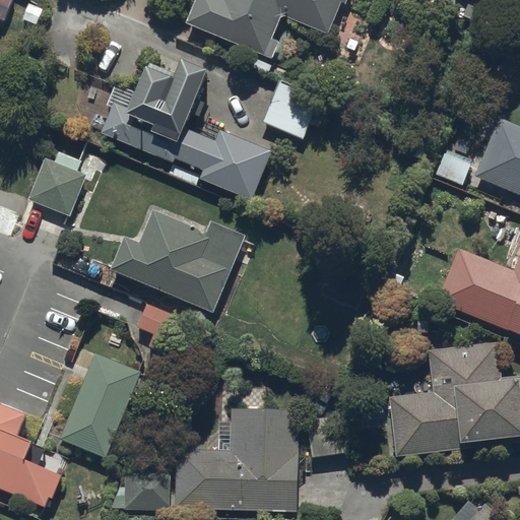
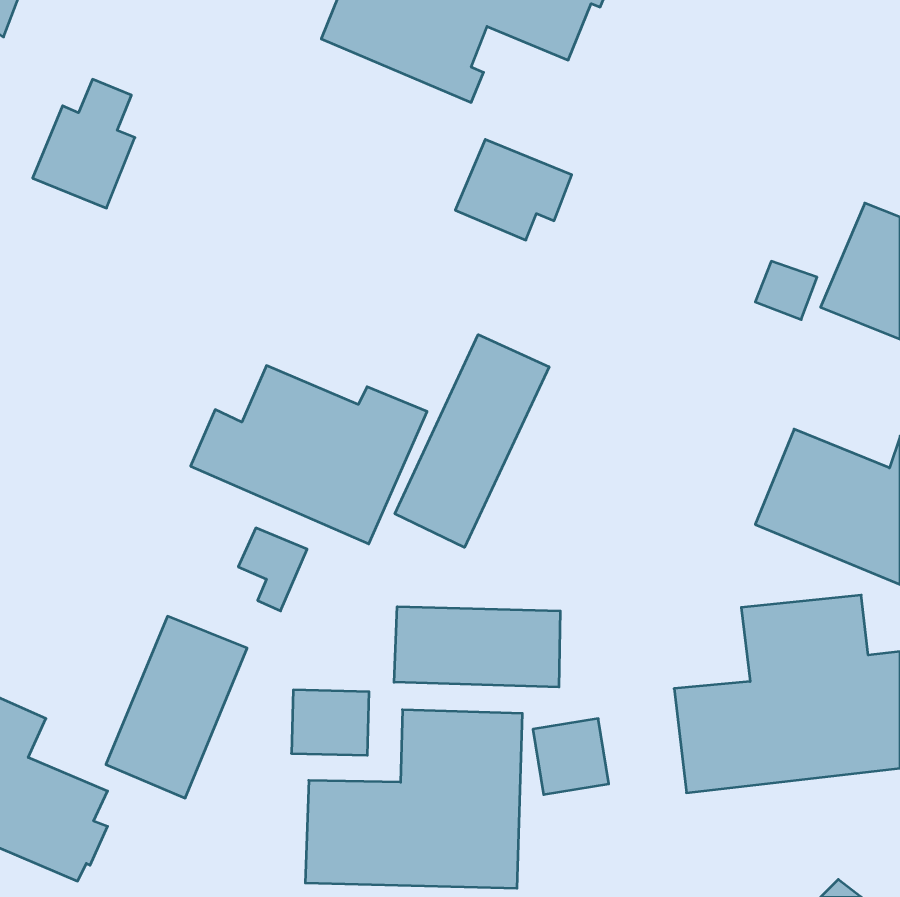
building: [90,61,271,200] -> none
building: [27,142,86,216] -> [33,79,135,208]
building: none -> [395,335,549,547]
building: none -> [394,607,560,687]
building: [126,471,171,509] -> [291,690,369,755]

